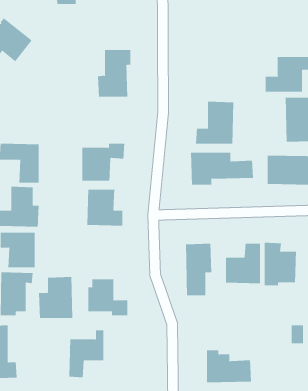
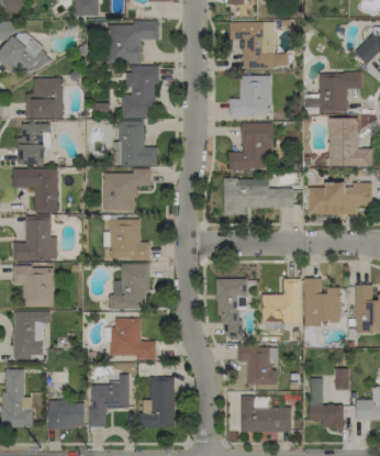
building: none -> [228,21,287,69]
building: none -> [107,22,158,63]
building: none -> [228,75,271,115]
building: none -> [25,77,63,118]
building: none -> [112,121,157,165]
building: none -> [19,124,51,165]
building: [38,277,73,318] -> [110,263,148,309]
building: none -> [236,345,277,385]
building: none -> [141,376,175,426]
building: none -> [310,378,344,427]
building: none -> [48,401,85,427]

